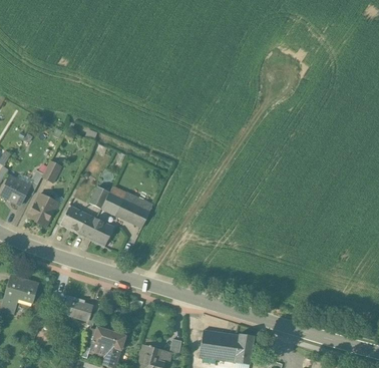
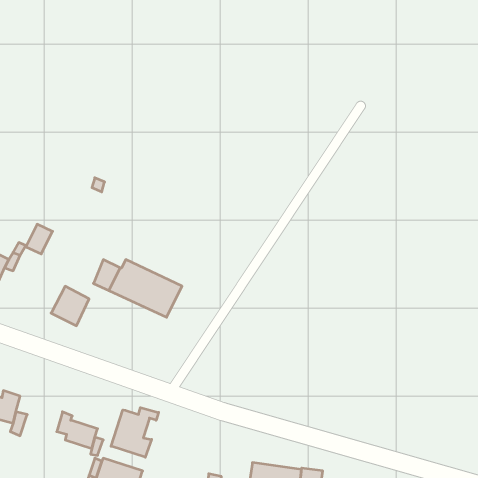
building: [29,194,58,227] -> none
building: [78,215,114,247] -> none
building: none -> [111,408,159,457]

